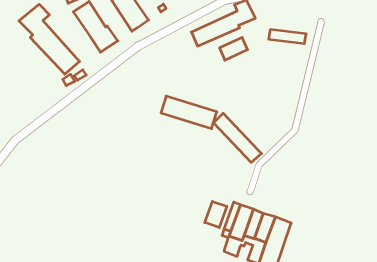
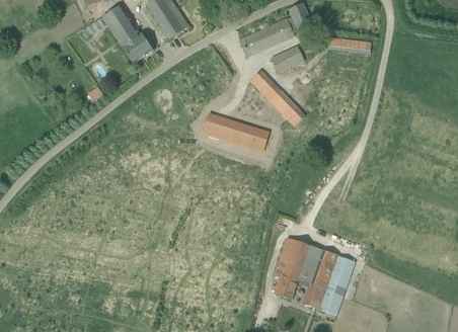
building: [19,4,80,74] -> none
building: [213,113,262,162] -> [249,69,305,126]
building: [205,201,227,228] -> none

